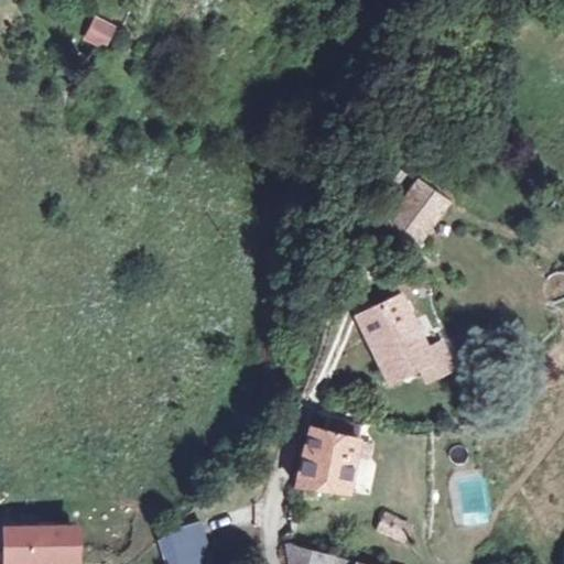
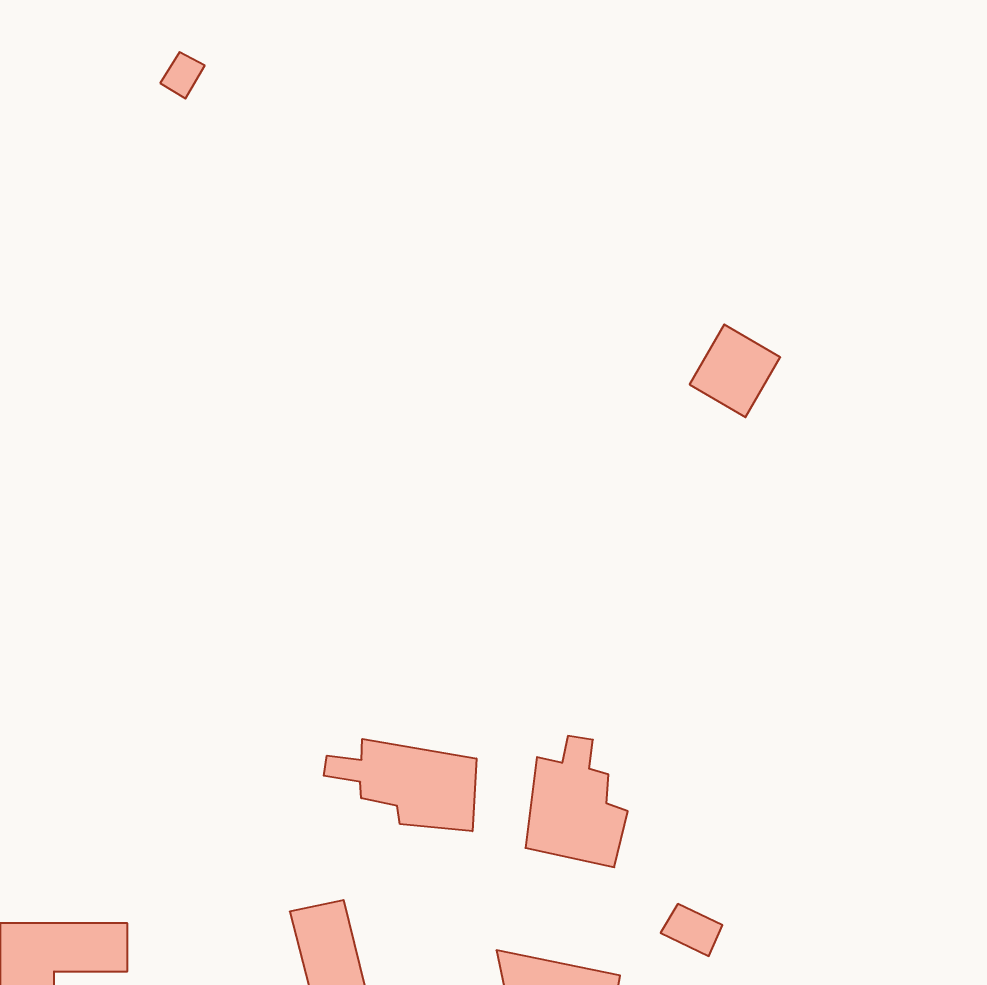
building: [361,297,446,384] -> none
building: none -> [324,739,476,831]

